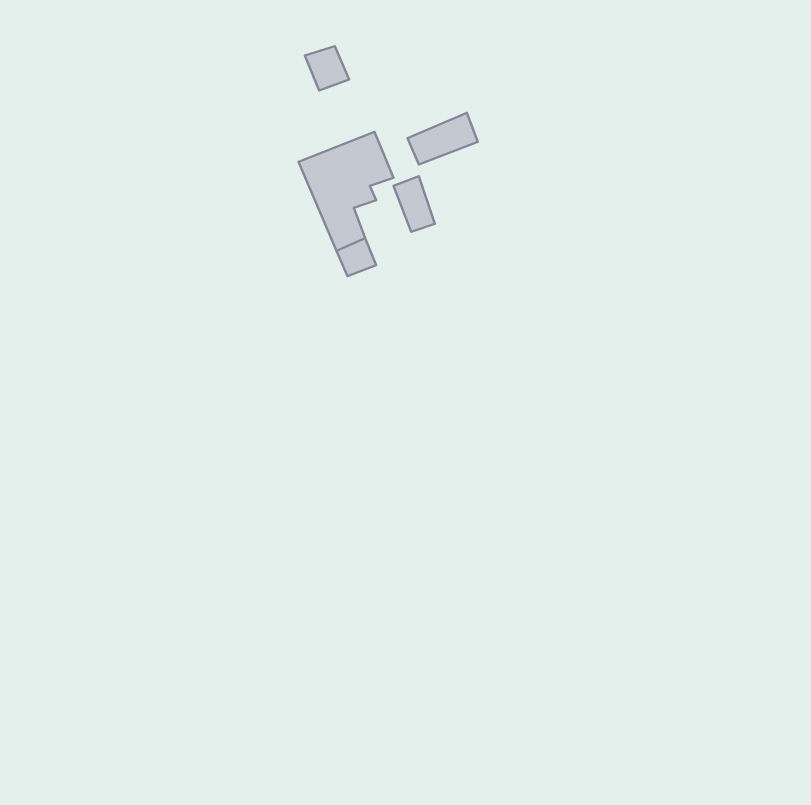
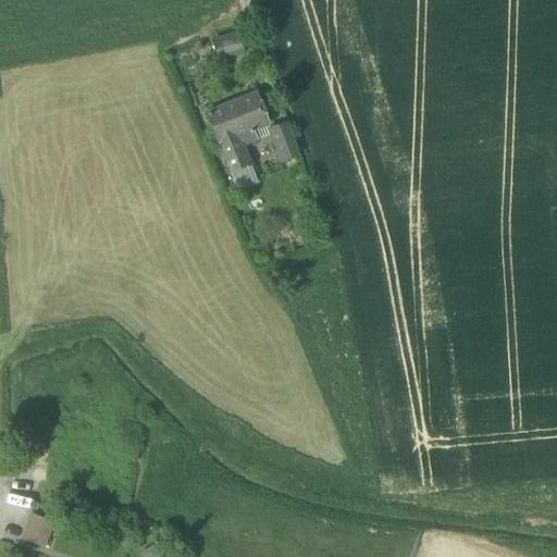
building: [408,113,478,165] -> none
building: none -> [22,511,54,545]

